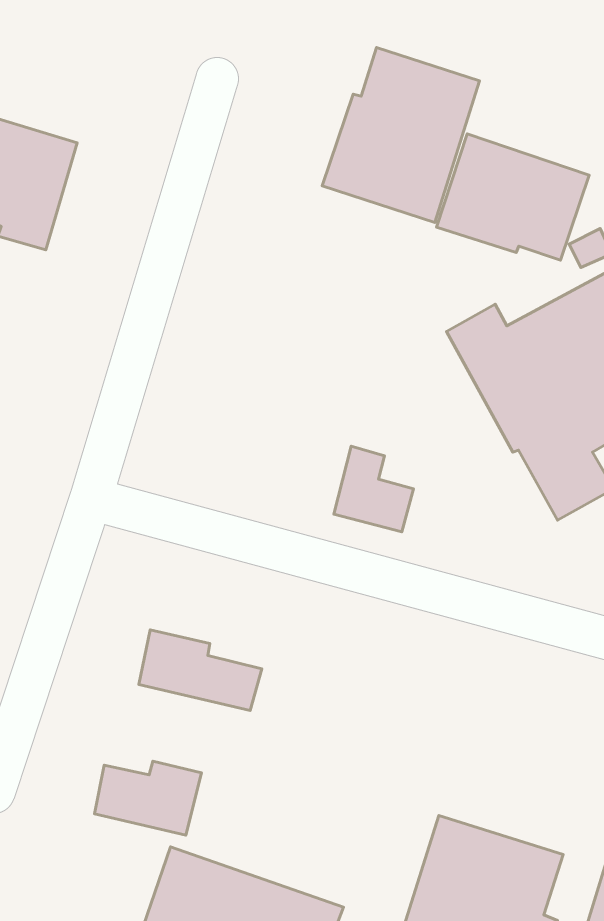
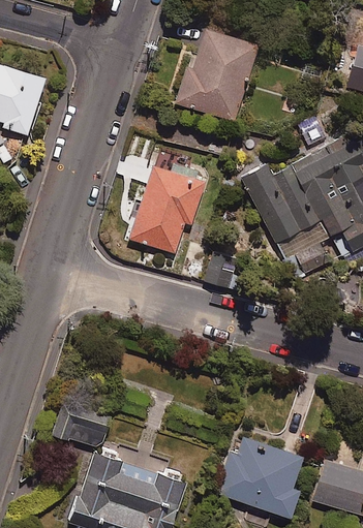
building: [436,134,589,260] -> none
building: none -> [130,149,205,253]
building: [139,630,262,710] -> none

